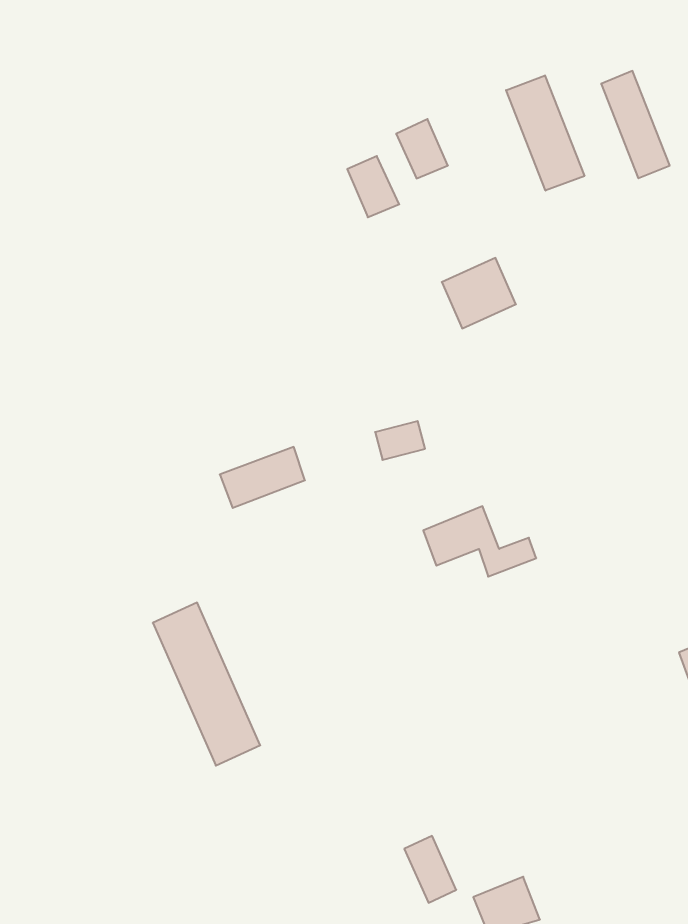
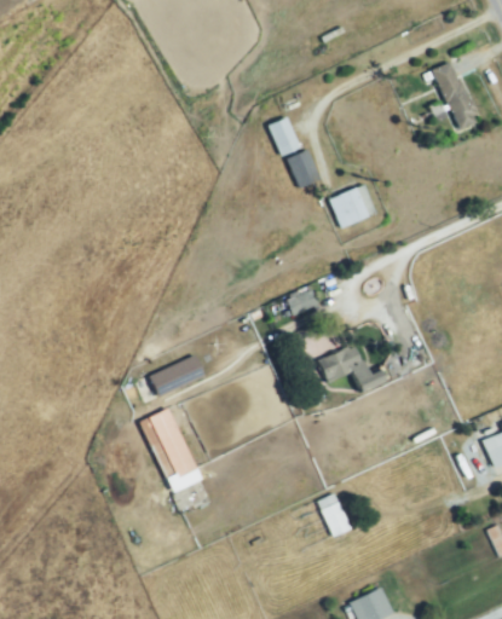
building: [506,75,584,191] -> none
building: [396,119,448,178] -> [287,149,321,187]
building: [220,447,305,508] -> [149,355,204,395]
building: [404,836,456,903] -> [317,493,351,537]

